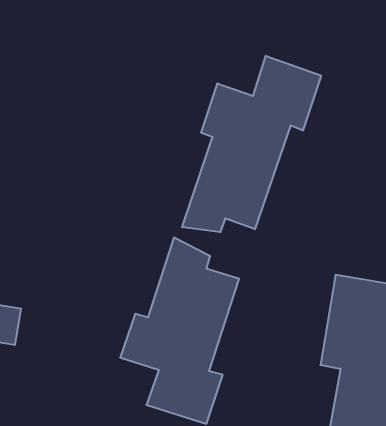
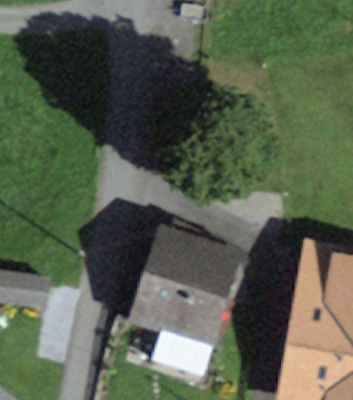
building: [182,56,321,232] -> none

